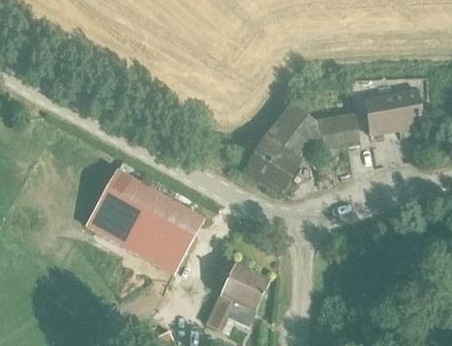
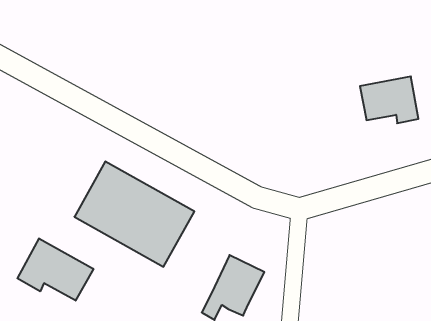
building: [244,102,360,193] -> none
building: none -> [17,238,93,301]

